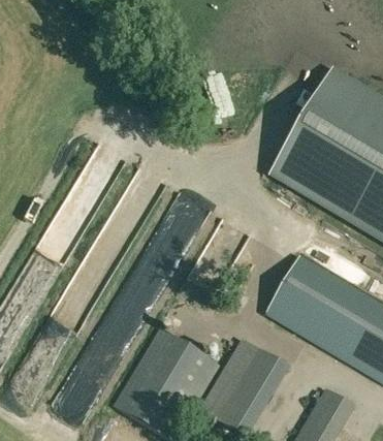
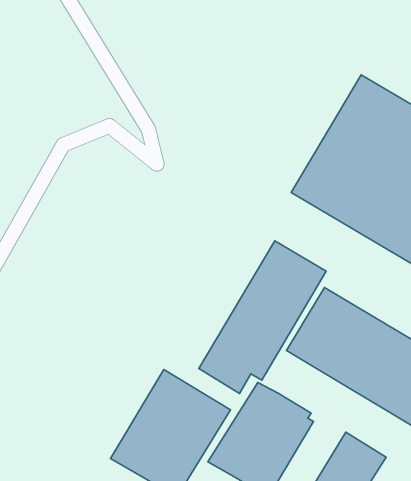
building: none -> [199,241,326,393]

